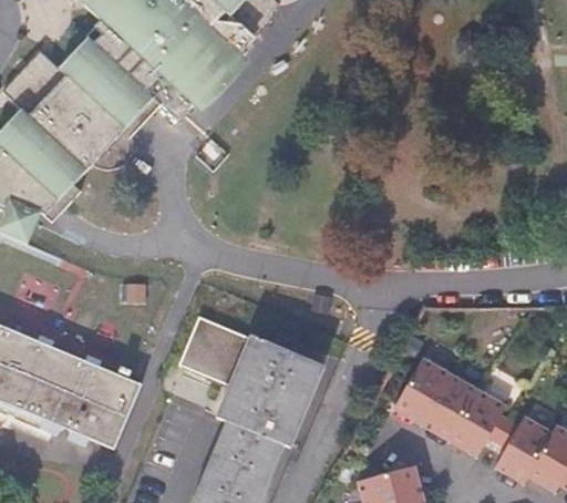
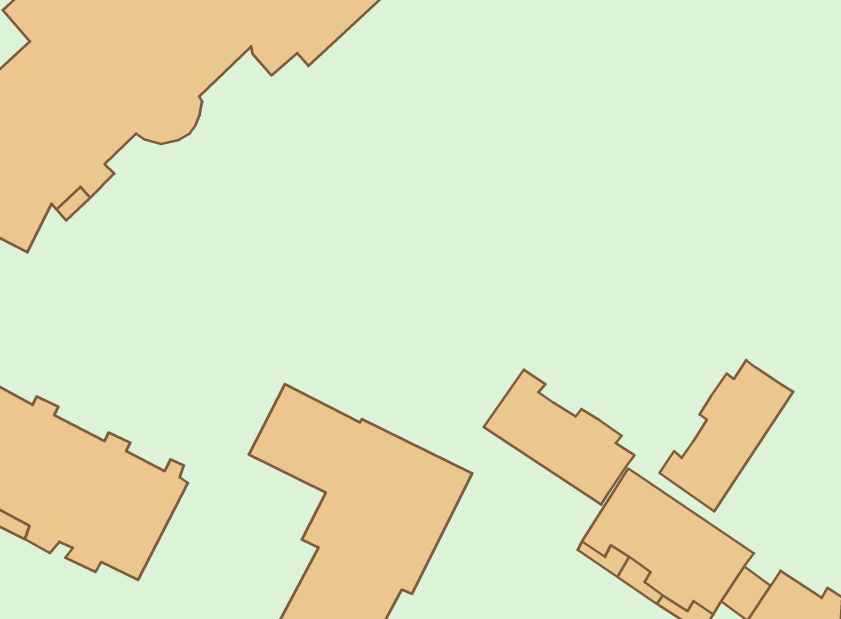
building: none -> [660,360,793,511]
building: none -> [484,370,634,505]

